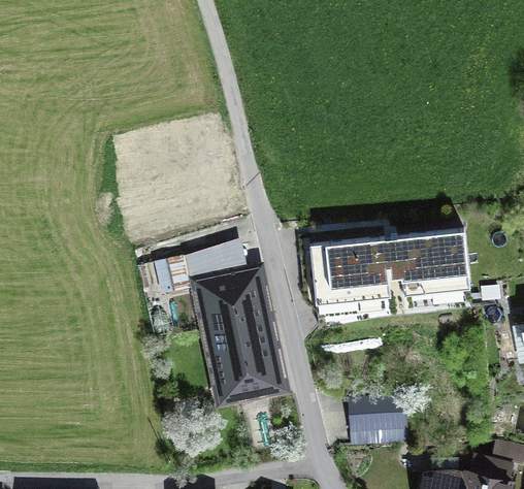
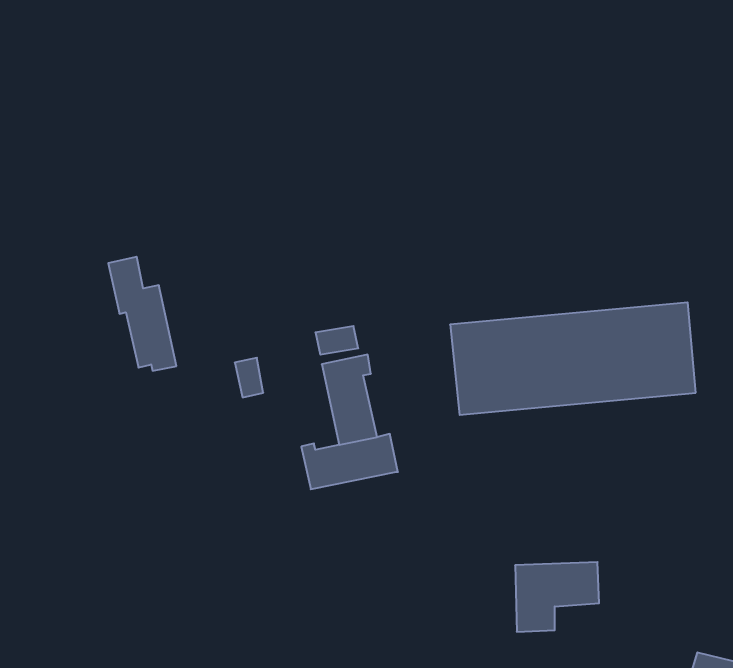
building: [191,255,235,329] -> [108,257,176,371]
building: [217,344,281,395] -> none

